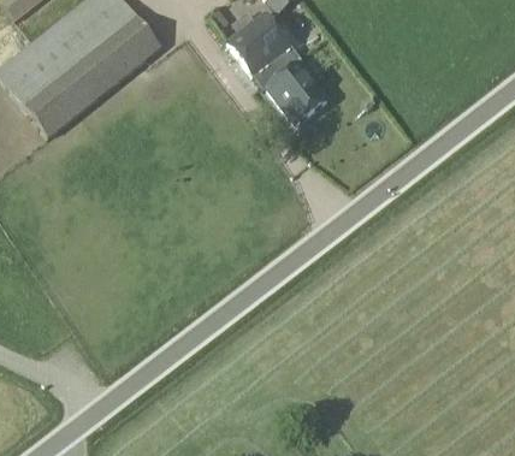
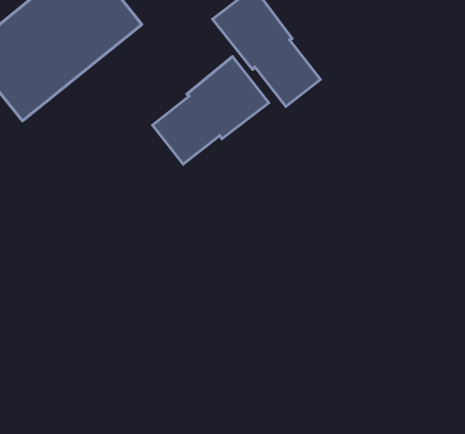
building: none -> [153,56,269,164]

